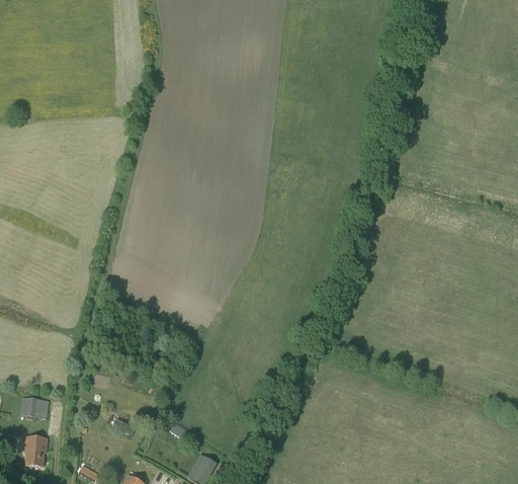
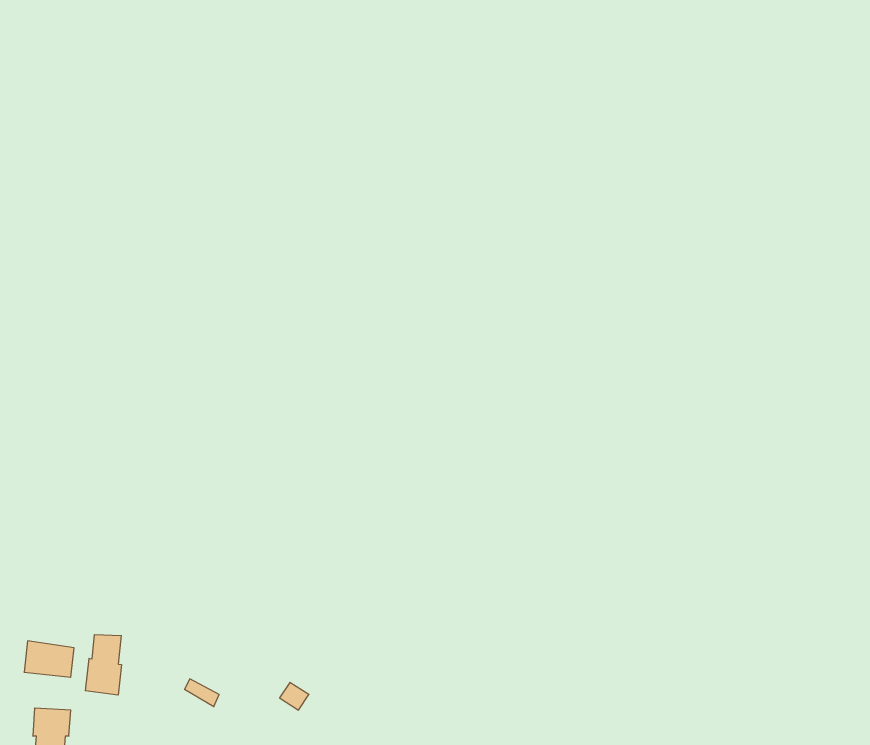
building: none -> [85,635,121,695]

